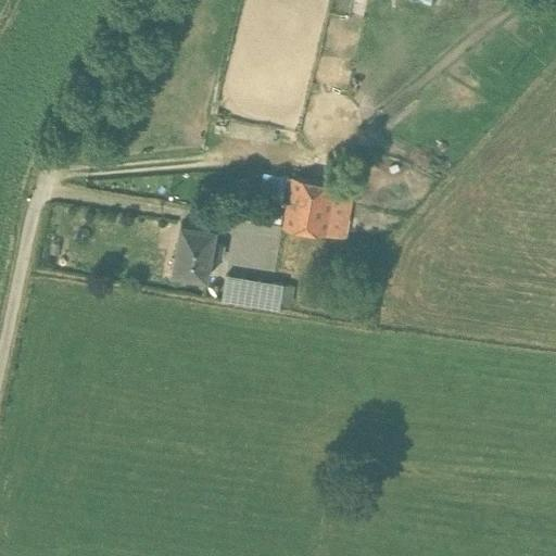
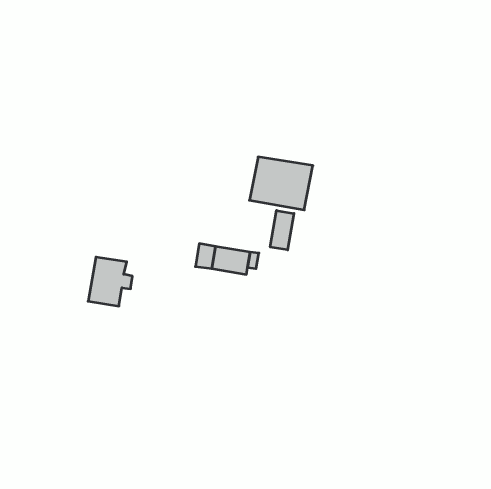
building: [172,226,222,281] -> [88,257,132,306]
building: none -> [270,210,294,250]

